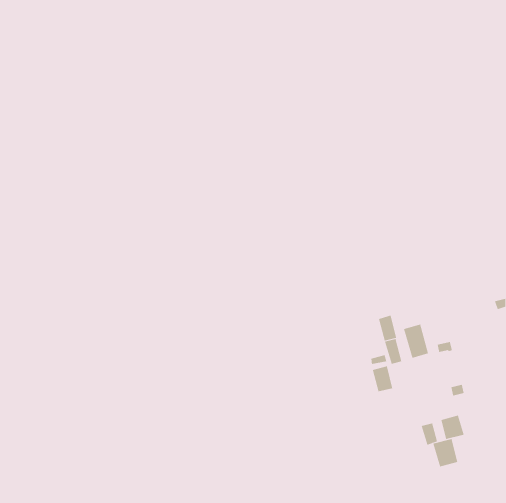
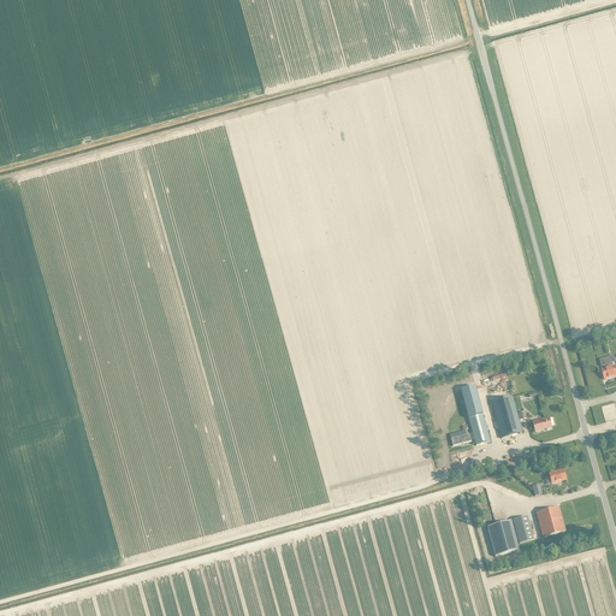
building: [372,365,393,392] -> none
building: [432,439,458,467] -> [486,519,517,553]

